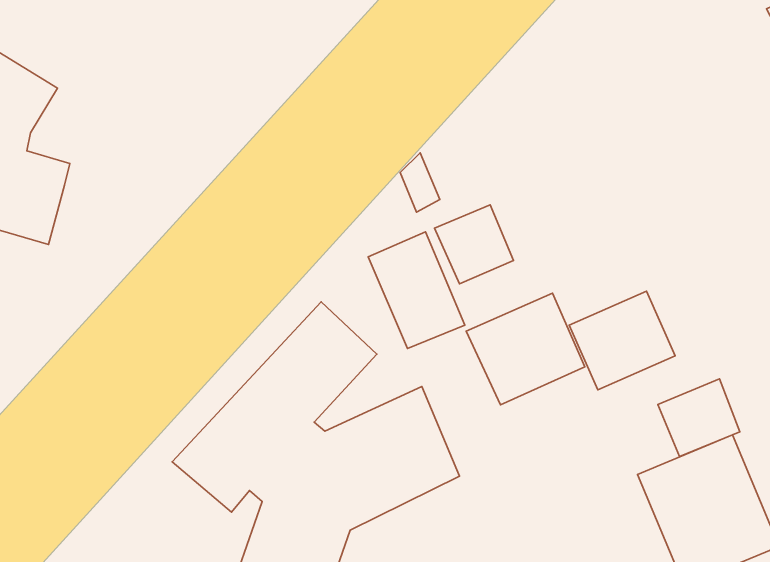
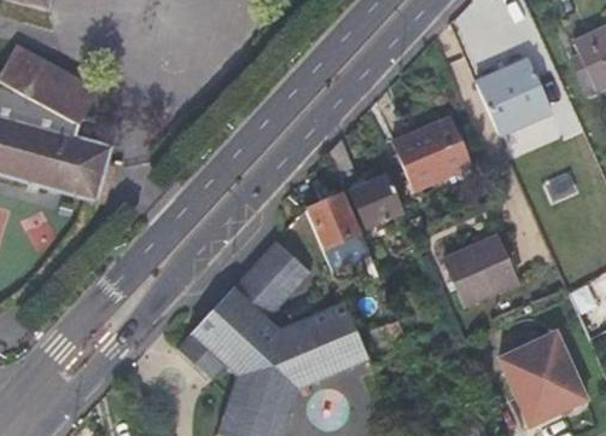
building: none -> [478,56,549,129]
building: [466,293,585,405] -> [395,116,474,191]
building: [658,379,740,456] -> none

